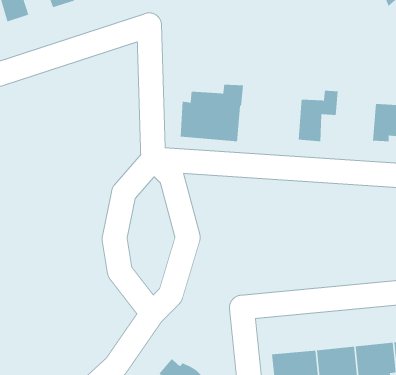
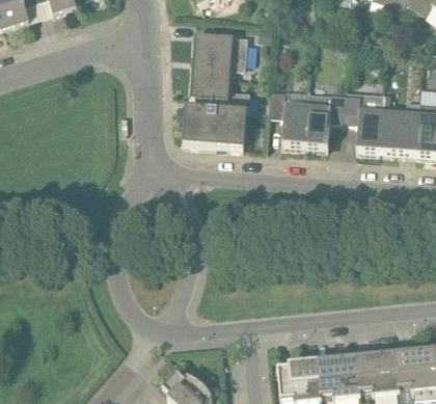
building: none -> [192,32,248,98]
building: none -> [261,89,308,145]
building: none -> [345,96,384,151]

